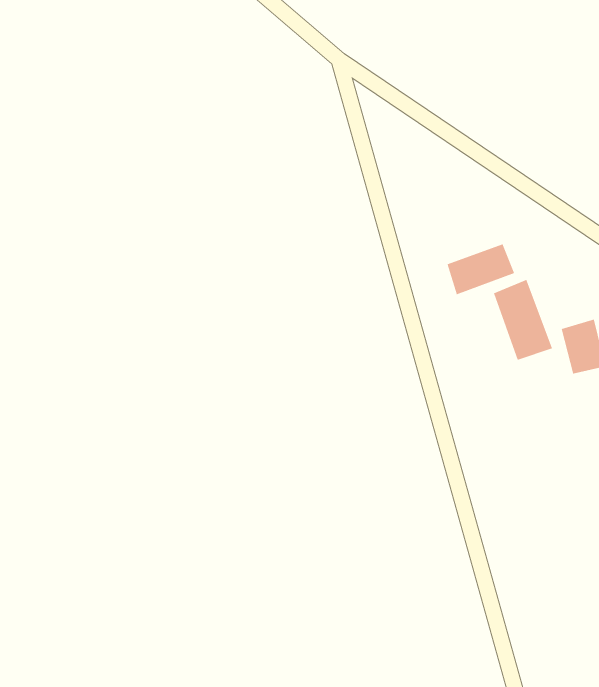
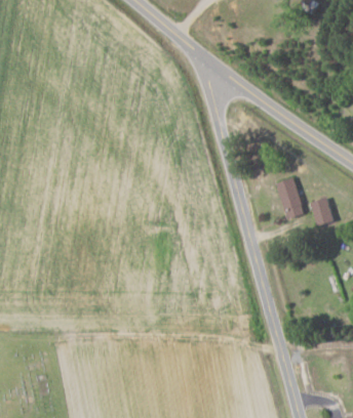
building: [447,243,515,295] -> none

